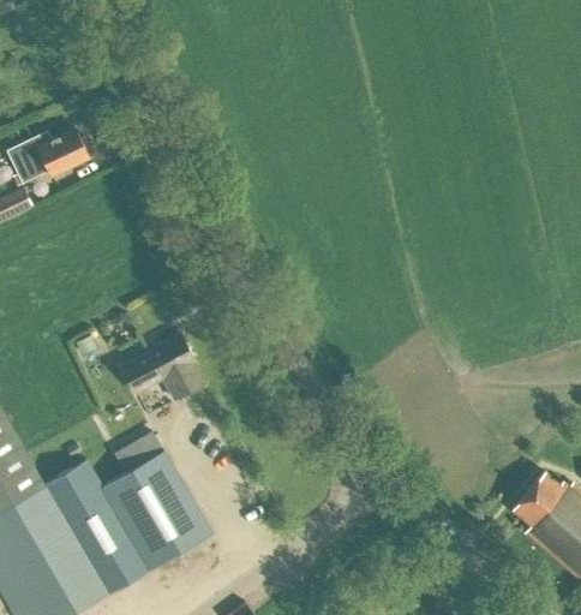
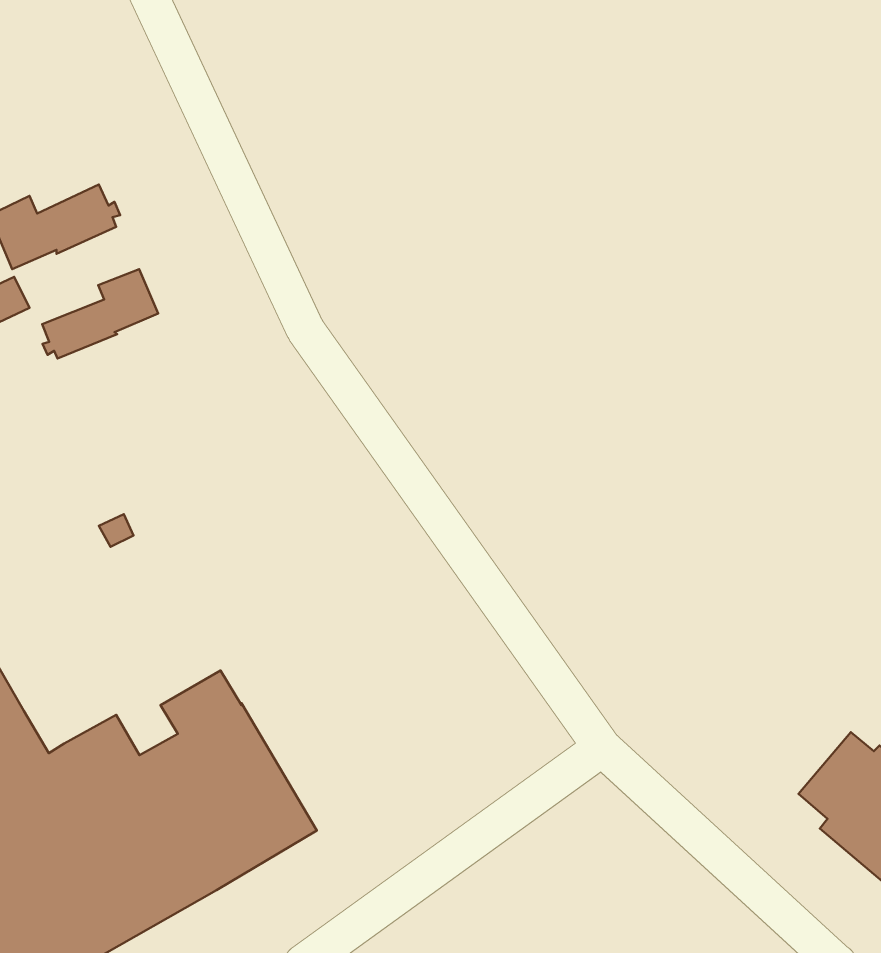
building: none -> [42,269,158,359]
building: [122,334,205,399] -> none

